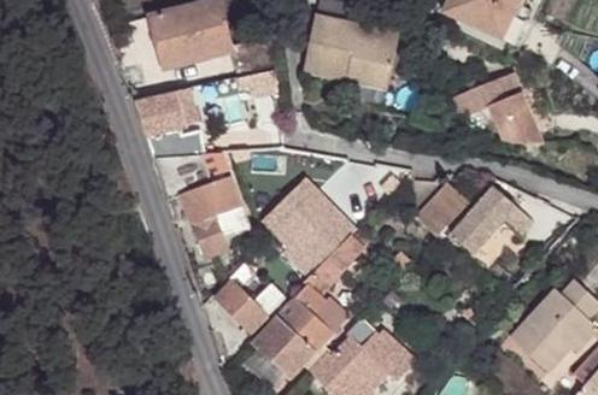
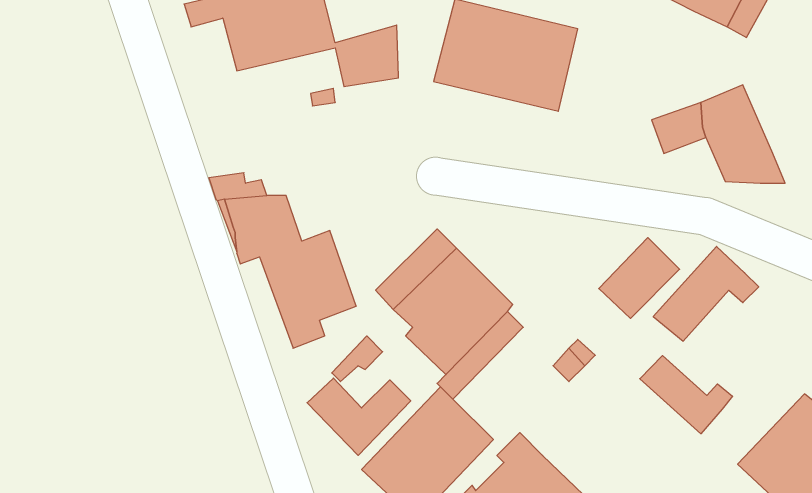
building: [134,89,188,134] -> none
building: none -> [640,356,733,434]

